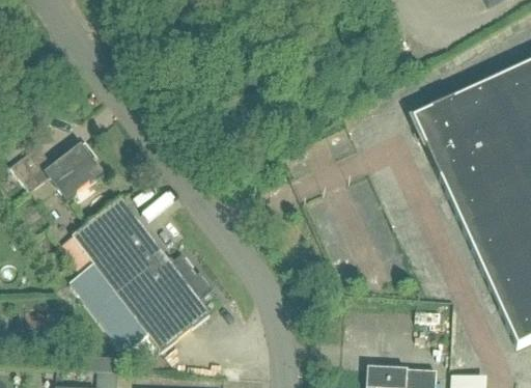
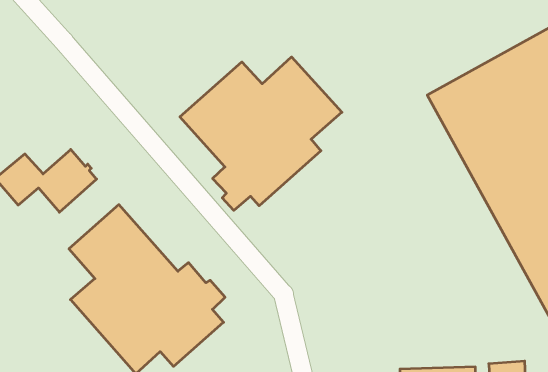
building: none -> [180,57,342,210]

